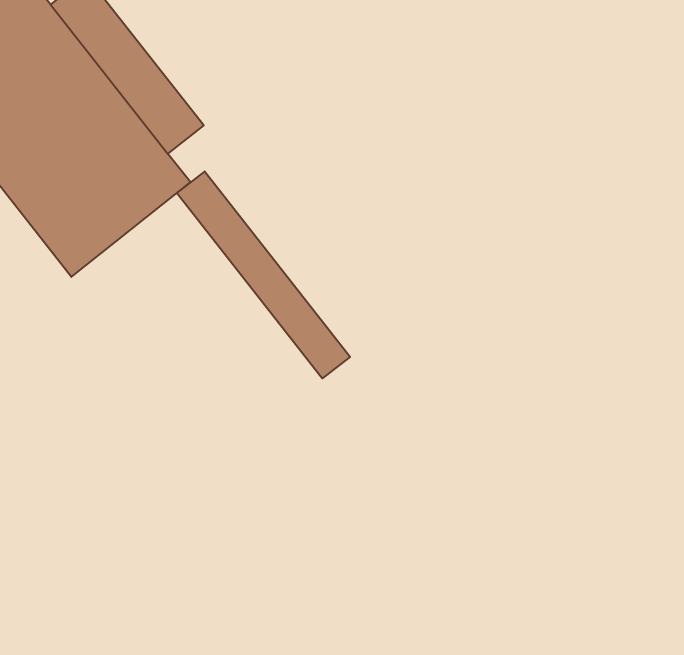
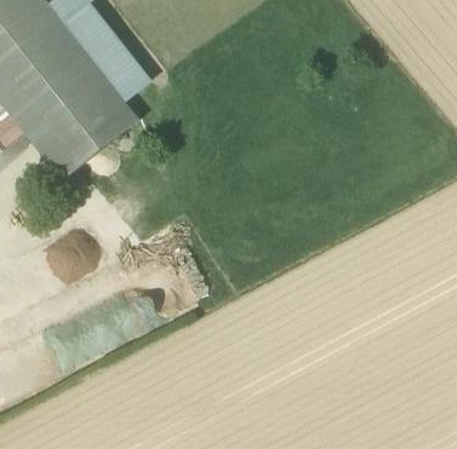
building: [177,171,350,378] -> none

